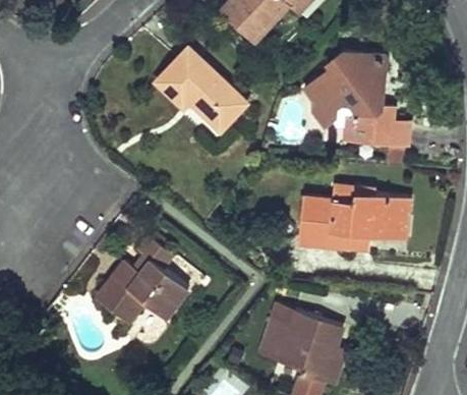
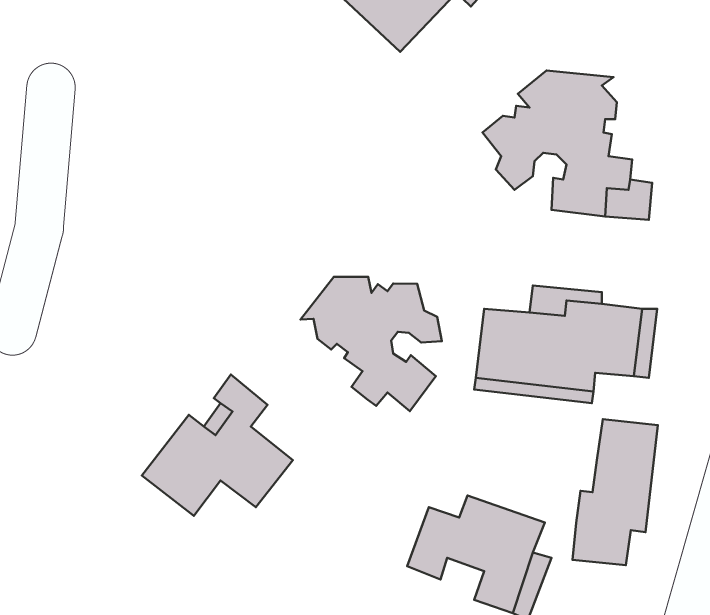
building: [155,50,243,129] -> none
building: none -> [300,277,442,411]
building: none -> [572,419,658,565]

